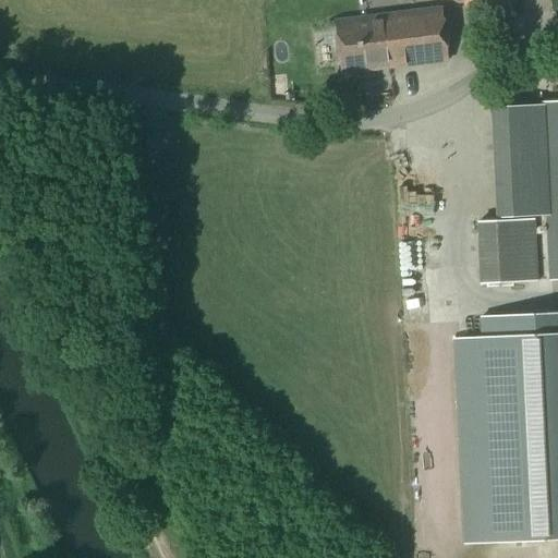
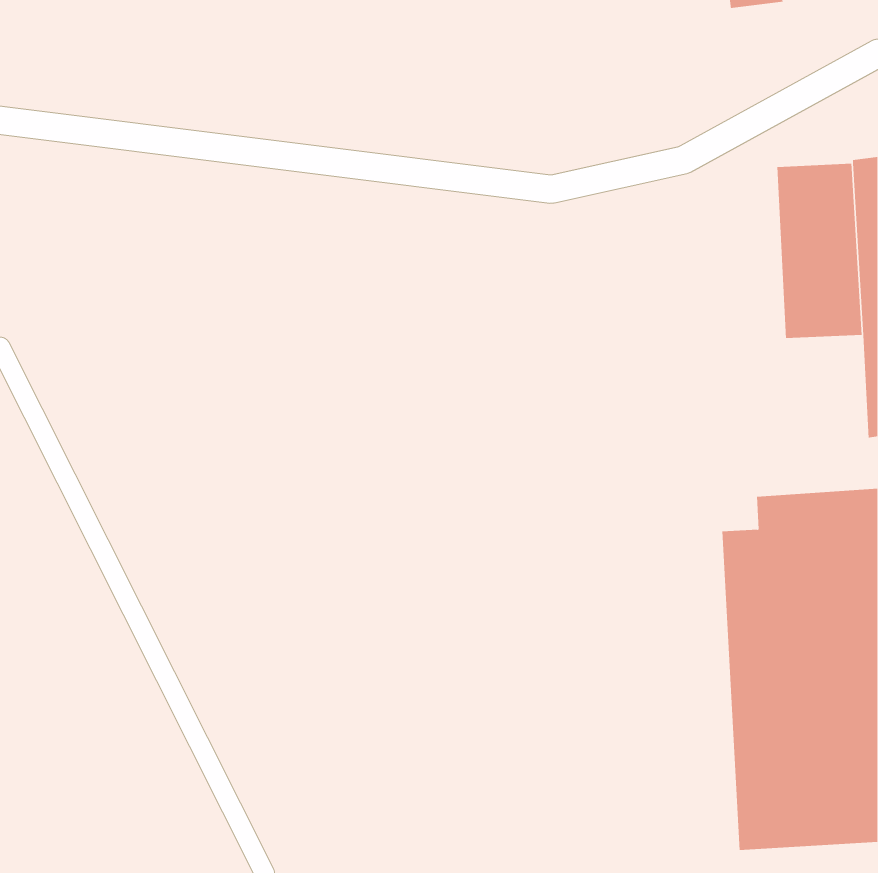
building: [335,8,447,70] -> none
building: [477,217,537,281] -> none

